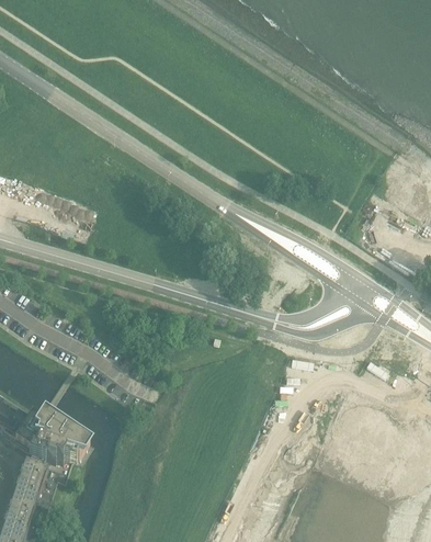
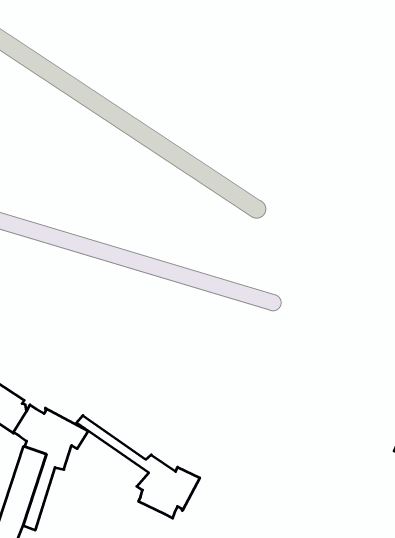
building: none -> [76,415,200,518]

